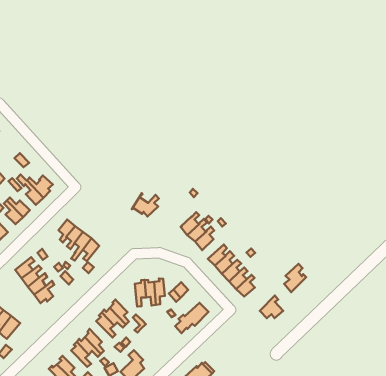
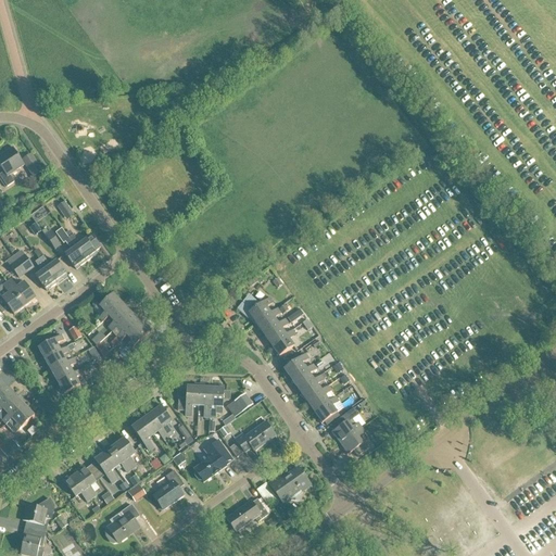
building: [132,193,159,217] -> [237,291,273,321]
building: [284,264,306,292] -> [332,407,362,442]
building: none -> [194,439,233,481]
building: none -> [268,467,311,503]

